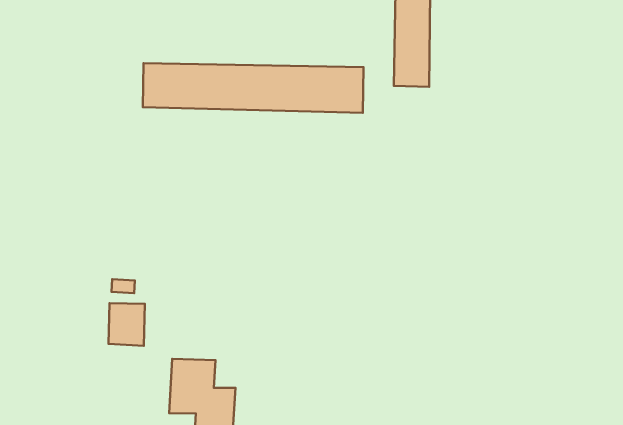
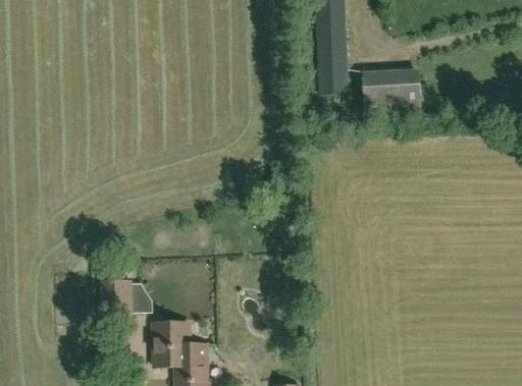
building: [143,63,364,113] -> none
building: none -> [364,72,422,115]

